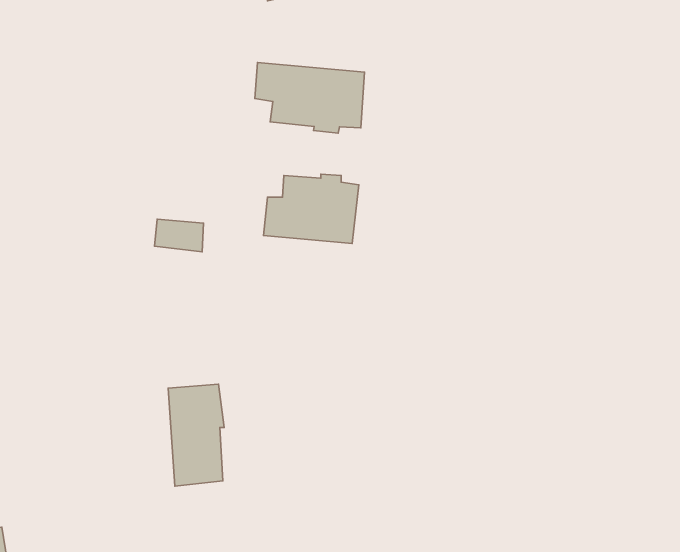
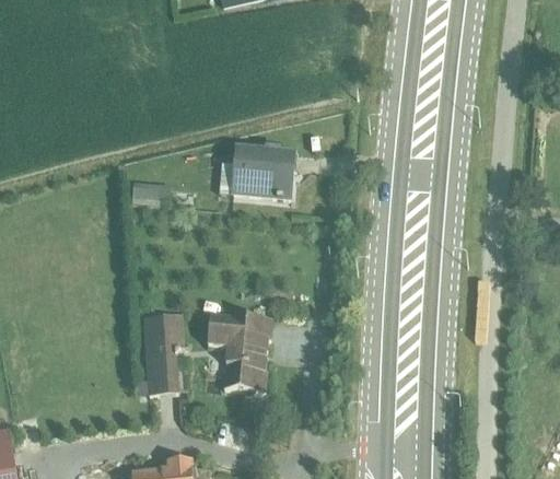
building: [255,62,364,133] -> none
building: none -> [207,314,271,393]

